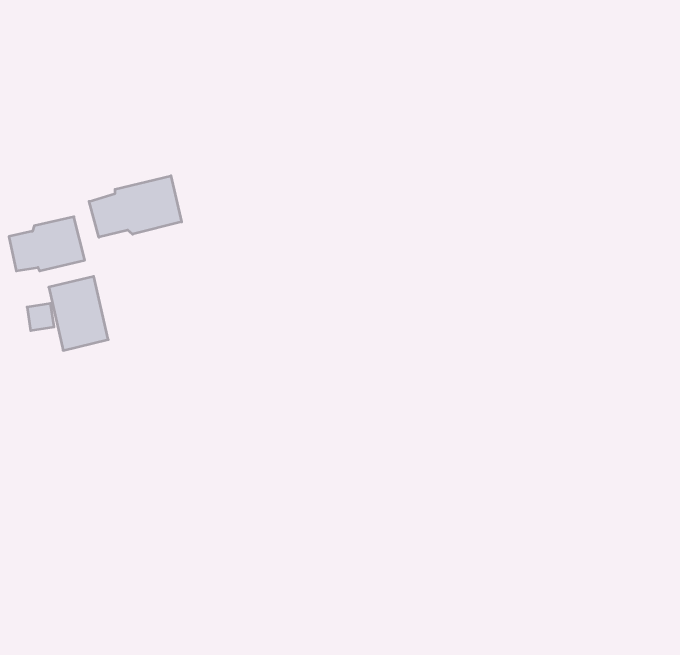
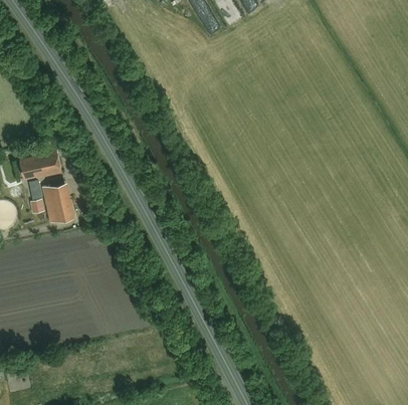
building: [89,176,182,237] -> none

